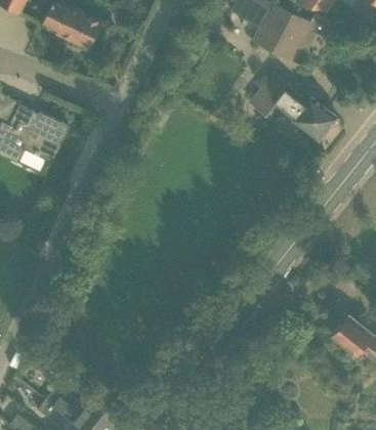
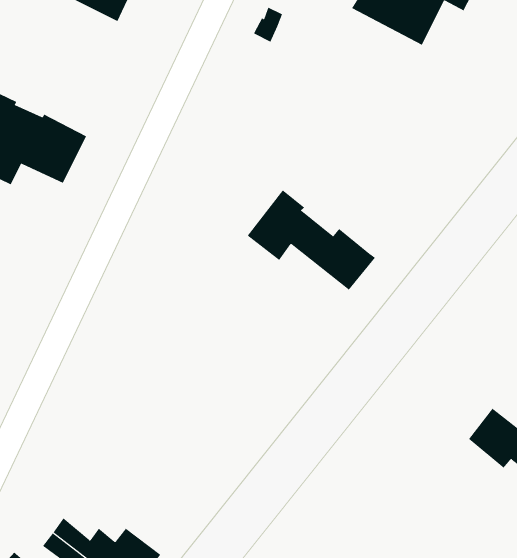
building: [247,72,336,141] -> [247,190,376,291]

